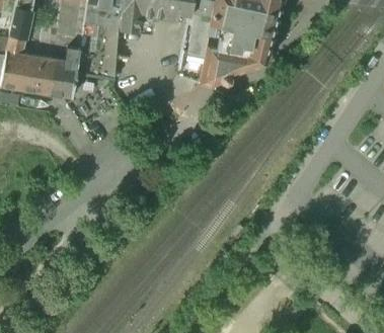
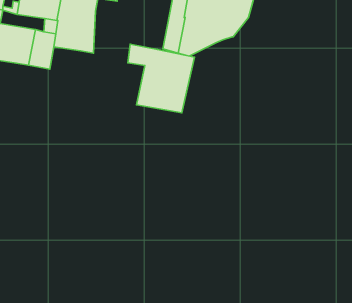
building: none -> [128,44,195,113]

